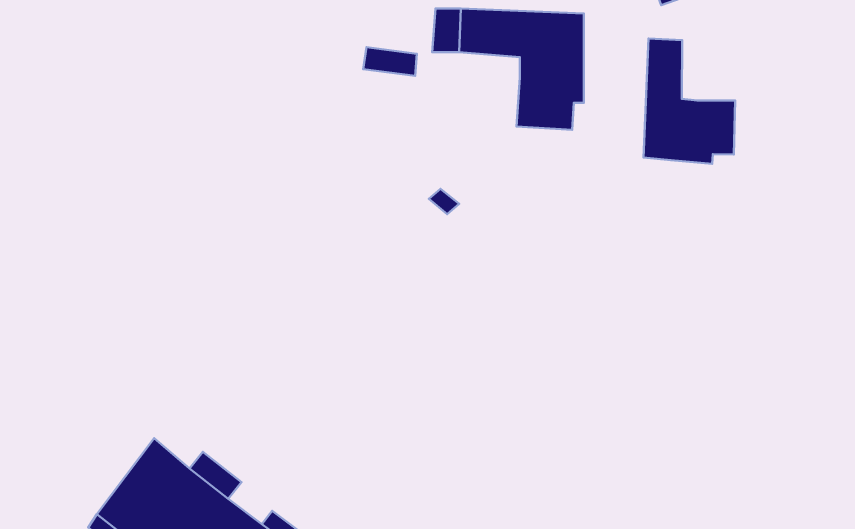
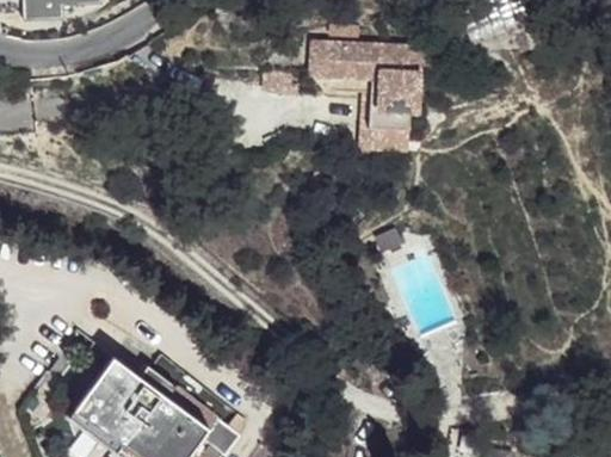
building: [643,39,735,164] -> none

